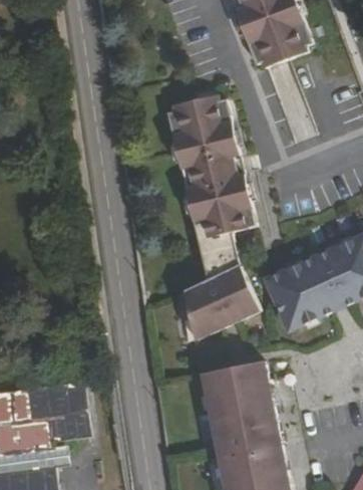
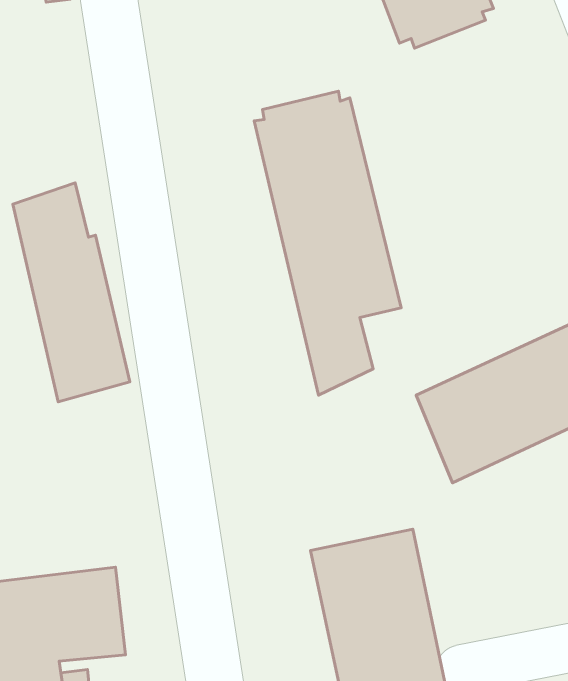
building: none -> [13,183,130,402]
building: [184,263,259,340] -> none

